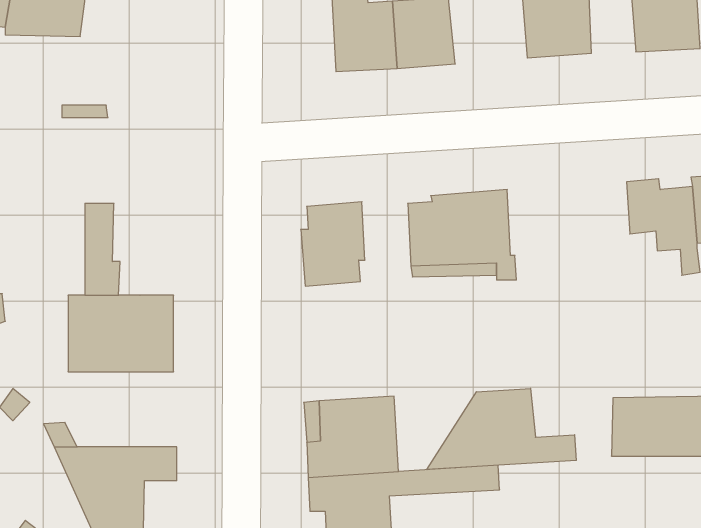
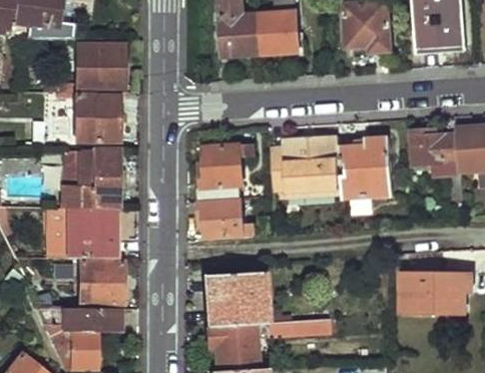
building: none -> [78,43,127,88]
building: none -> [76,94,123,139]
building: none -> [339,138,393,197]
building: none -> [77,146,117,207]
building: none -> [198,198,242,241]
building: none -> [80,260,122,302]
building: [427,388,576,470] -> none

